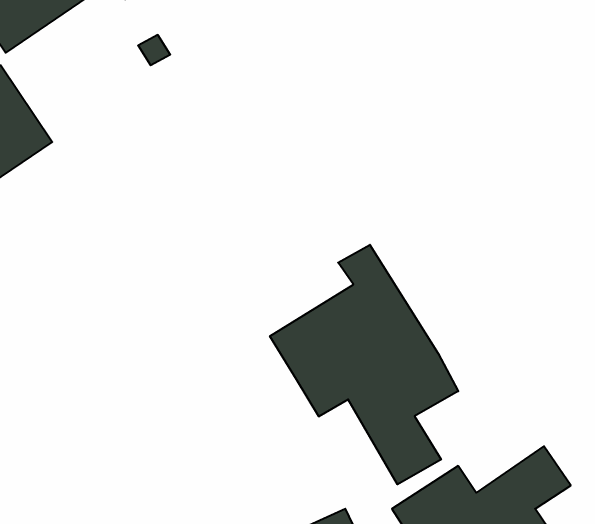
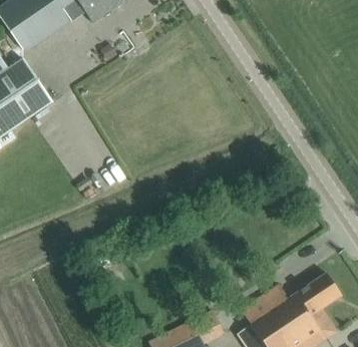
building: [270,245,458,484] -> none

